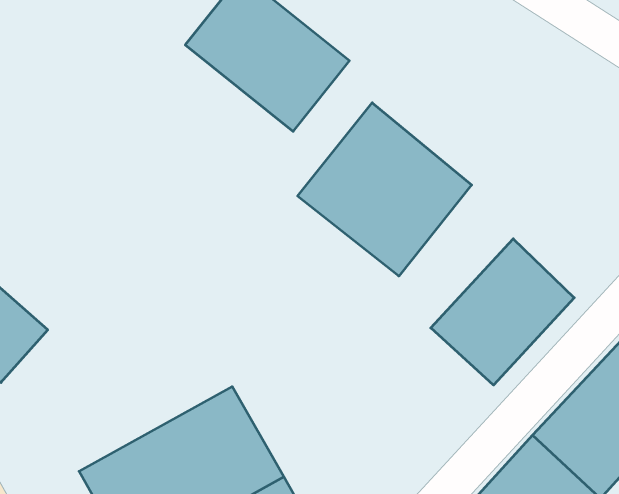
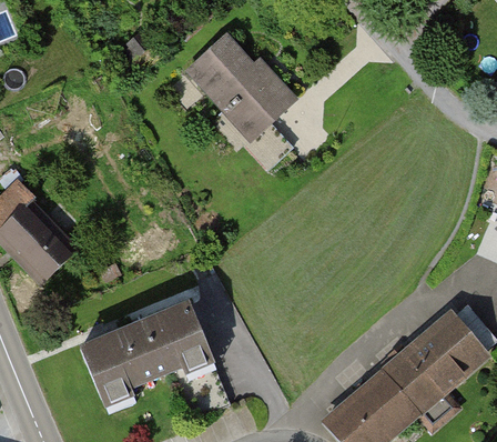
building: [298,103,472,276] -> none
building: [431,239,574,385] -> none

